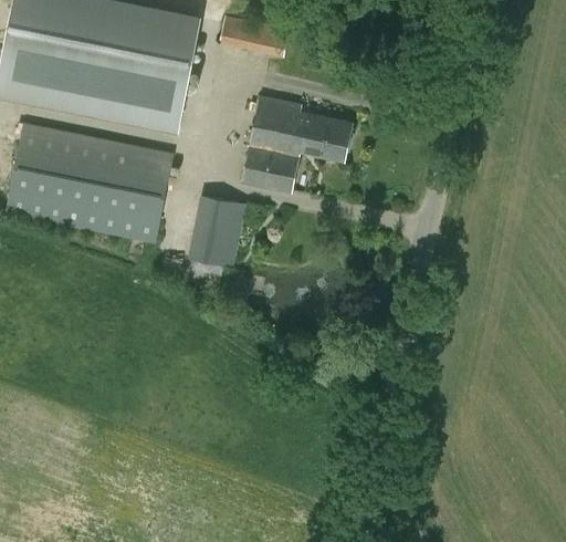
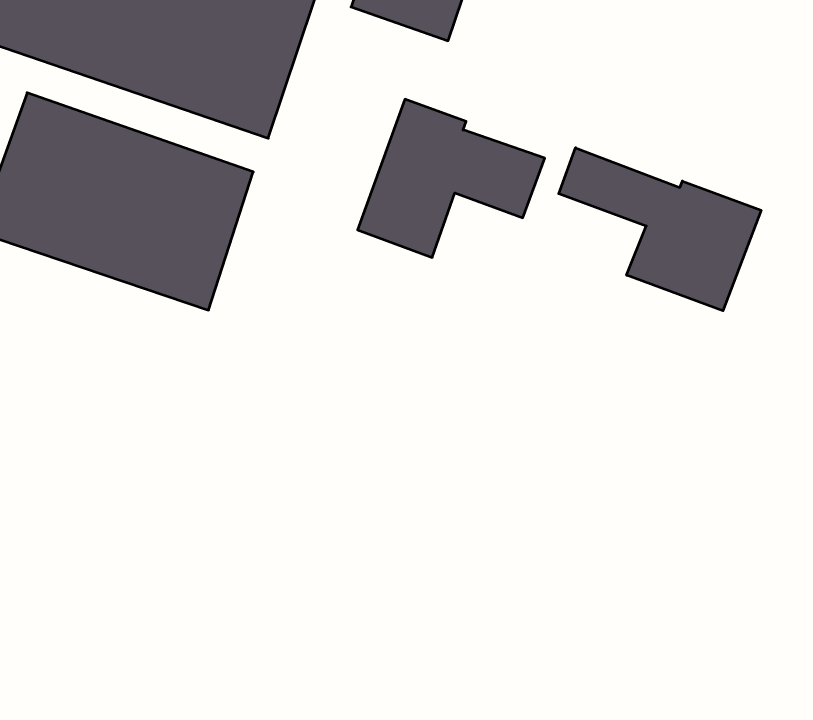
building: none -> [559,148,761,311]
building: [188,194,245,268] -> none

